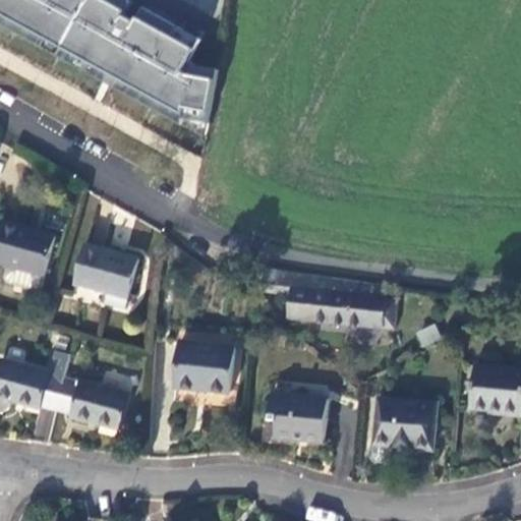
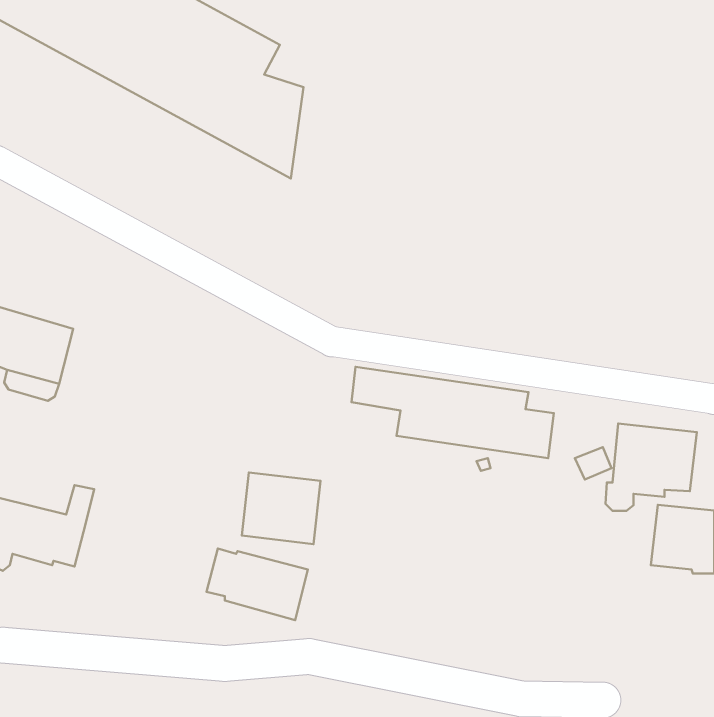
building: [71,244,136,299] -> none
building: [54,379,127,430] -> [207,548,308,620]
building: [270,395,328,443] -> none
building: [369,398,436,461] -> [605,424,697,511]

